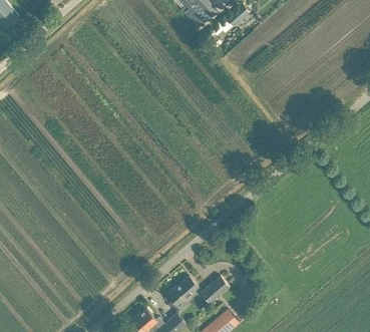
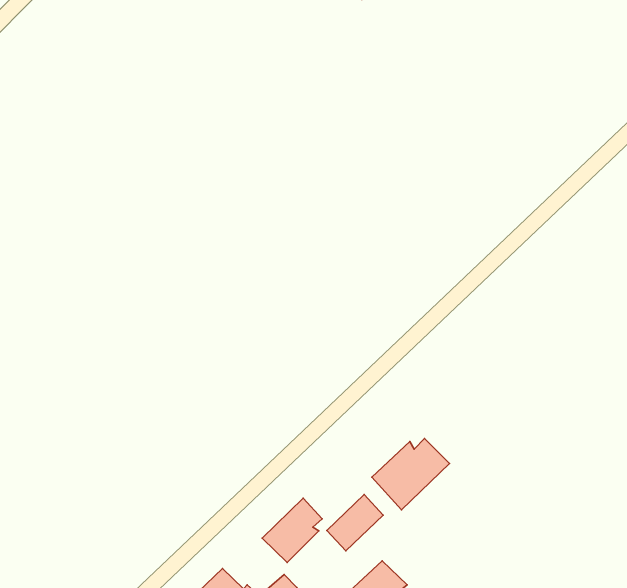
building: none -> [372,439,450,510]

